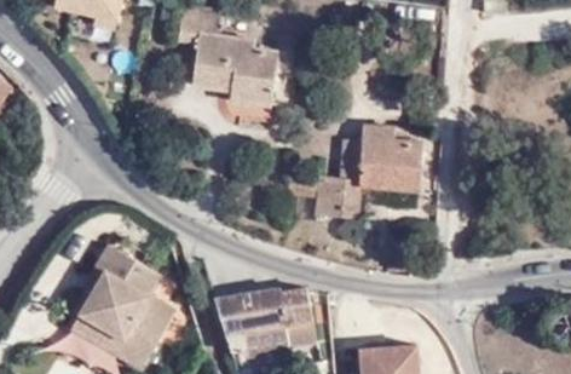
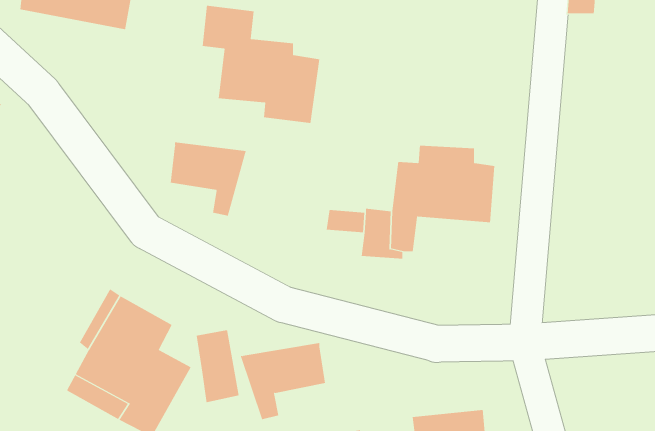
building: none -> [170,141,246,216]
building: [279,288,316,349] -> [196,330,239,403]

